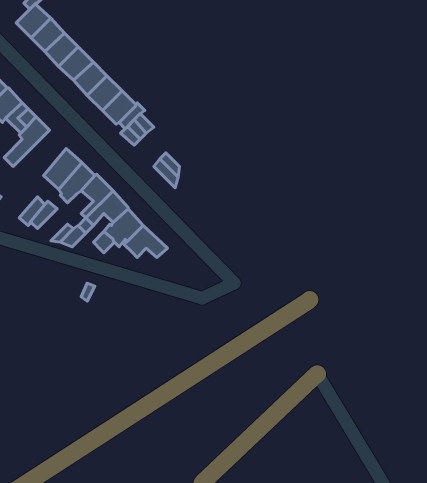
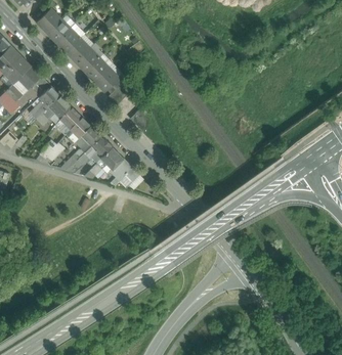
building: none -> [36,94,71,125]

